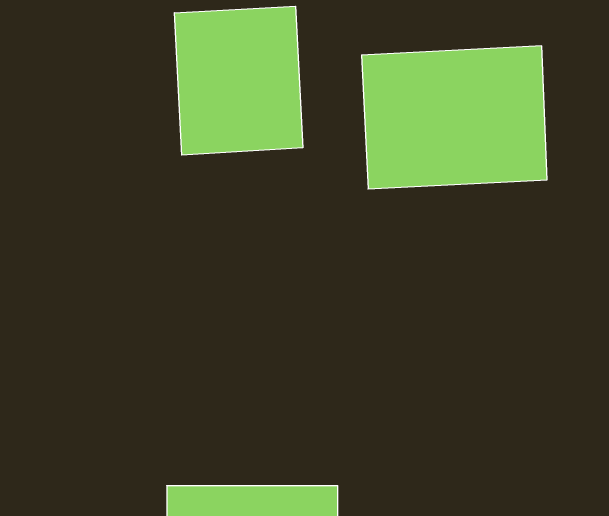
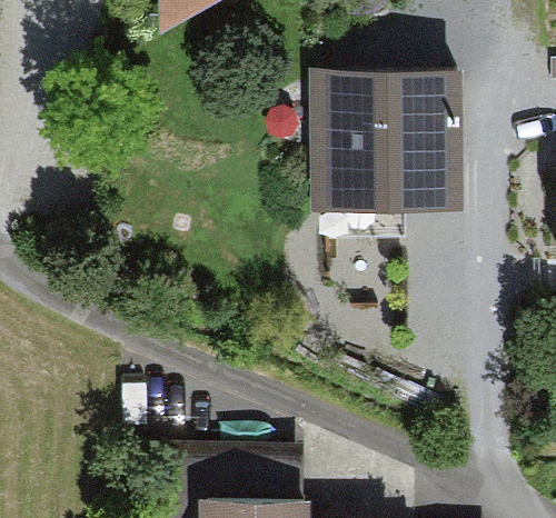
building: [174,6,303,155] -> none

